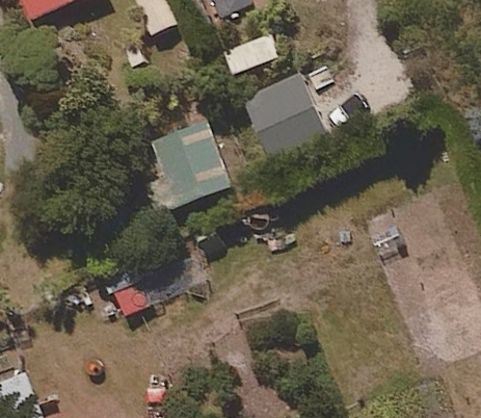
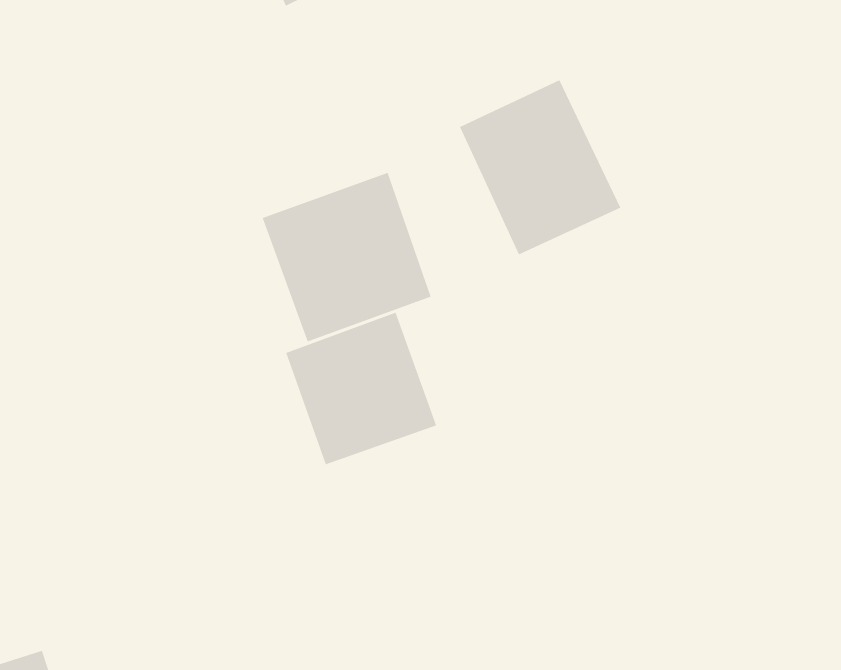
building: none -> [285,312,437,465]

